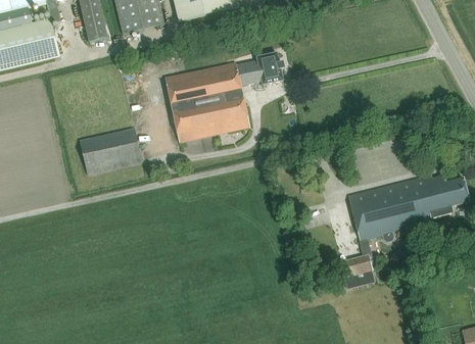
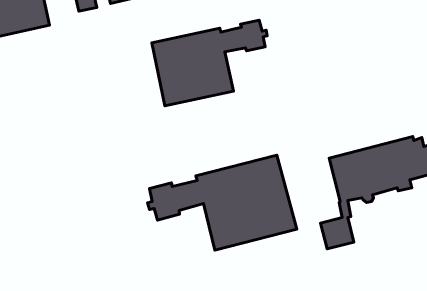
building: [79,128,142,174] -> none
building: none -> [147,155,297,250]

